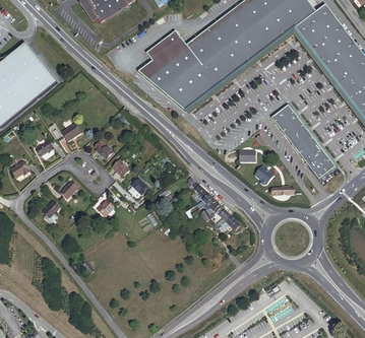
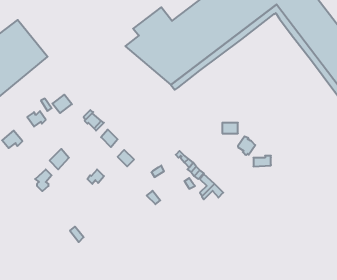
building: [271,104,336,179] -> none

